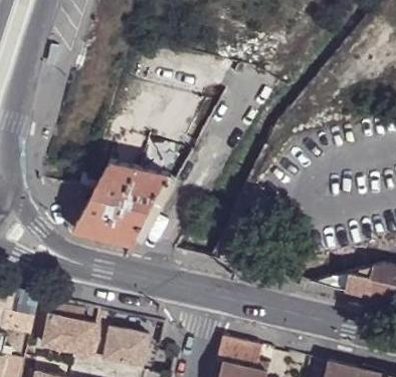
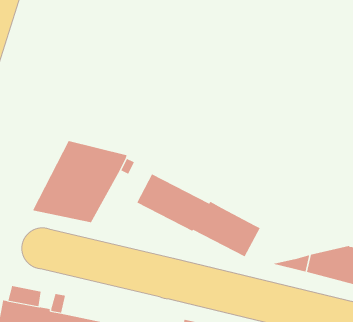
building: none -> [136,174,260,257]

